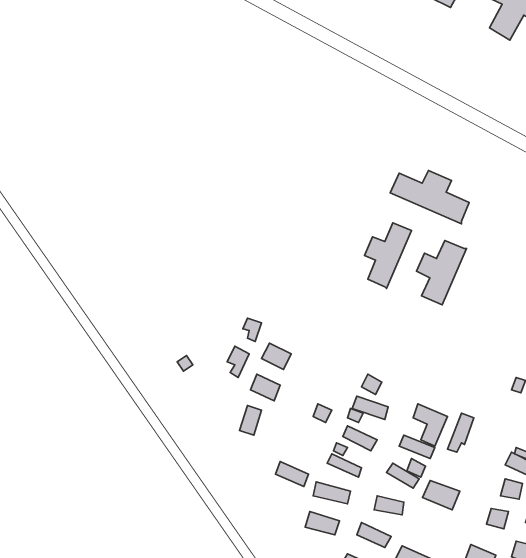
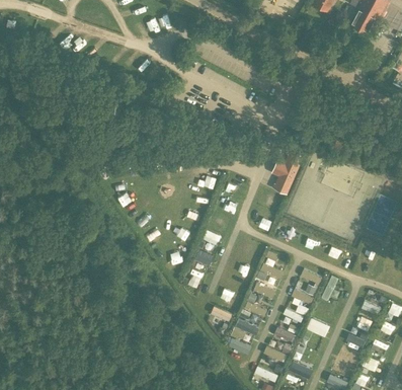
building: [390,170,469,224] -> none
building: [416,241,466,305] -> none

